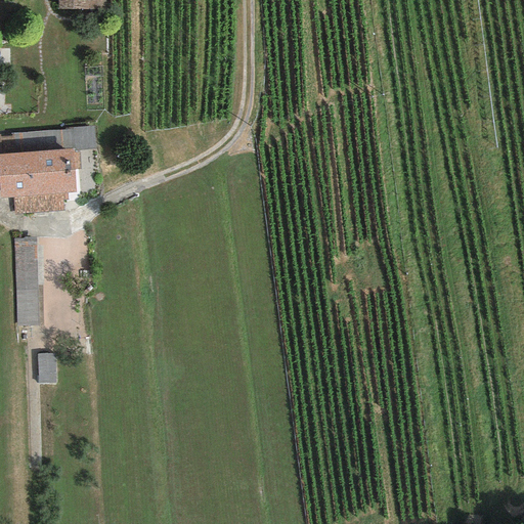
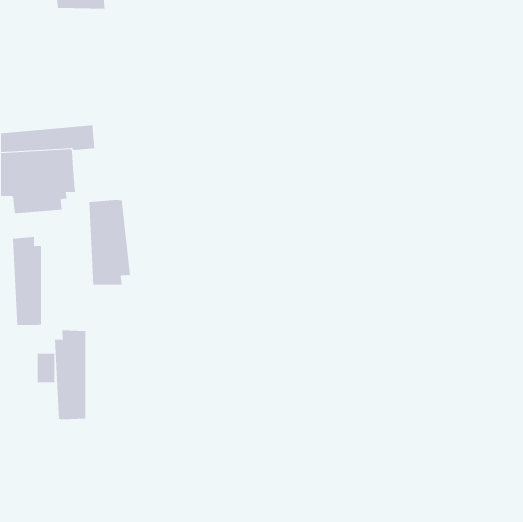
building: none -> [89,199,131,286]
building: none -> [55,329,86,420]

